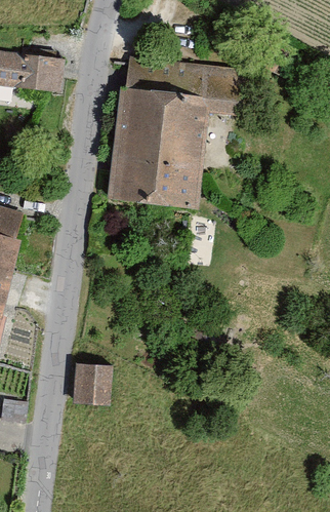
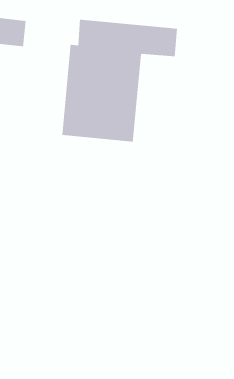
building: [74,364,110,405] -> none

